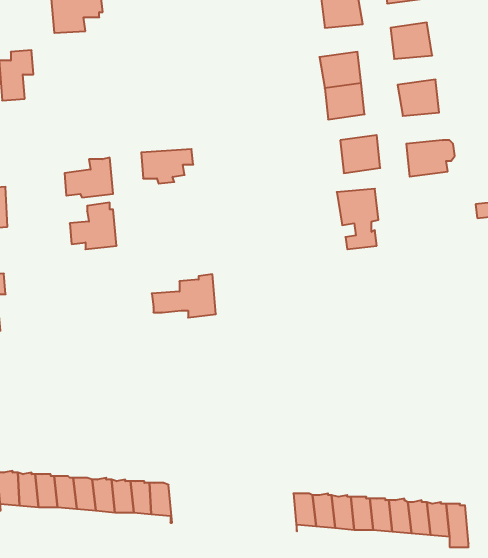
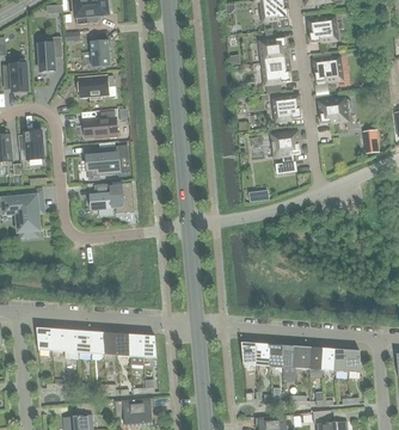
building: none -> [88,35,110,67]
building: [141,149,193,184] -> [78,75,113,99]
building: [152,274,216,318] -> [90,182,134,211]

